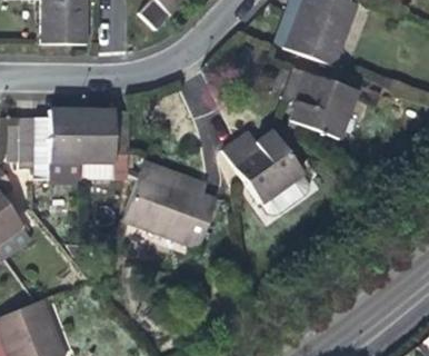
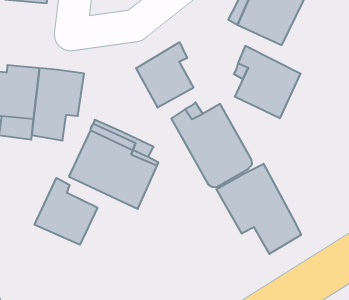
building: none -> [136,42,193,108]
building: none -> [216,164,301,254]
building: none -> [35,178,97,245]

